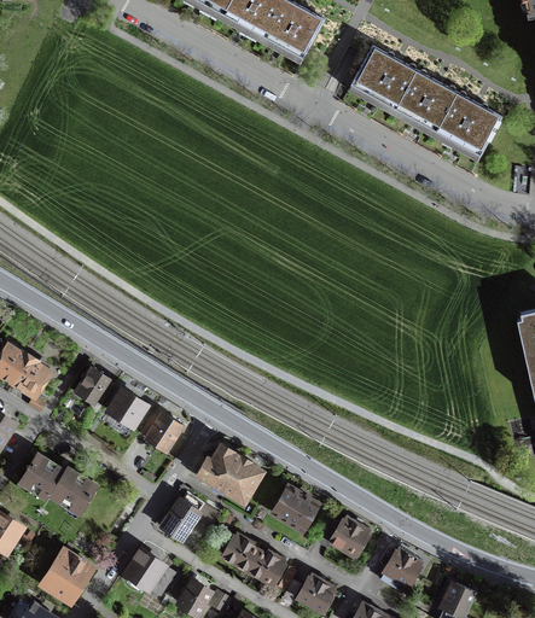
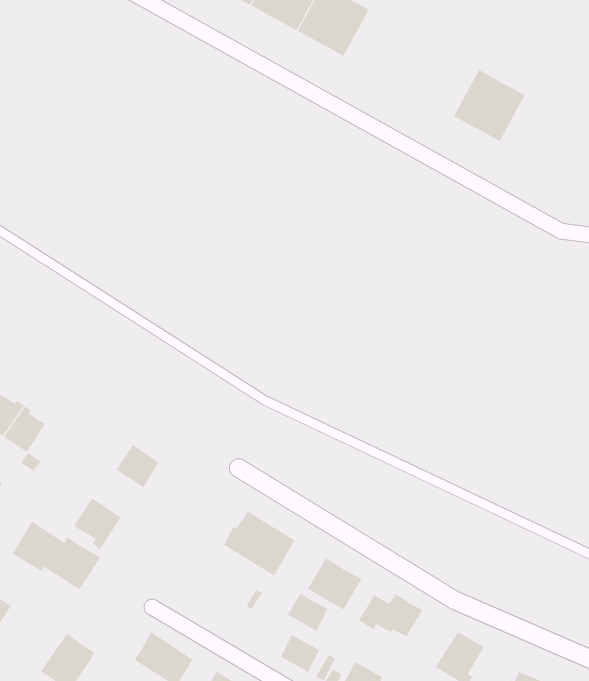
building: [349,46,417,110] -> none
building: [435,92,501,157] -> none
building: [72,368,114,413] -> [73,498,122,550]
building: [141,410,184,450] -> none
building: [162,494,217,538] -> none
building: [222,537,257,570] -> [287,593,328,632]

